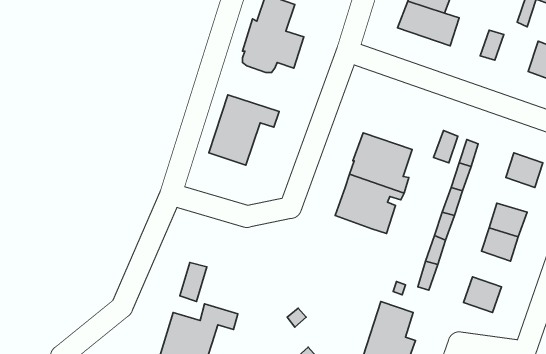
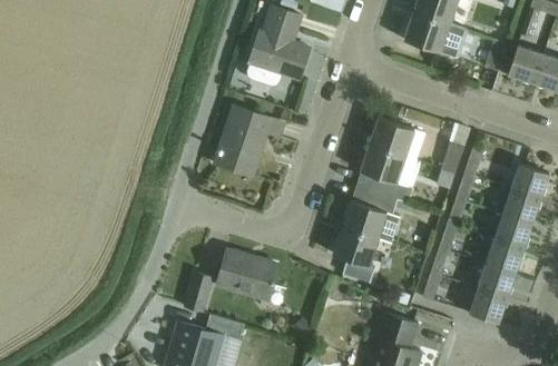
building: none -> [508,44,542,82]
building: none -> [368,118,424,160]
building: none -> [501,188,539,222]
building: none -> [331,226,376,283]
building: none -> [216,249,278,299]
building: none -> [477,261,515,297]

